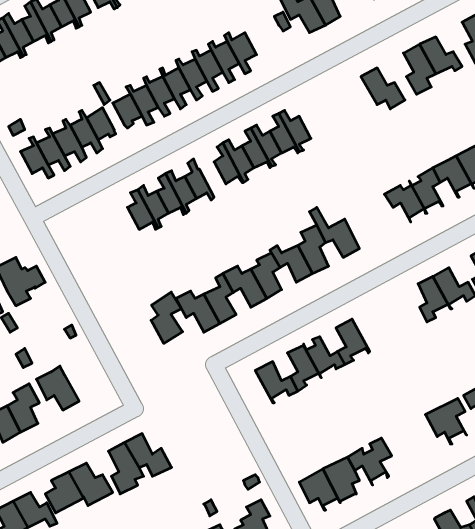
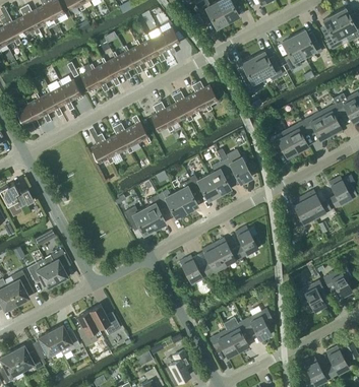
building: none -> [242,58,263,91]
building: [151,292,183,343] -> none
building: none -> [44,249,69,282]

